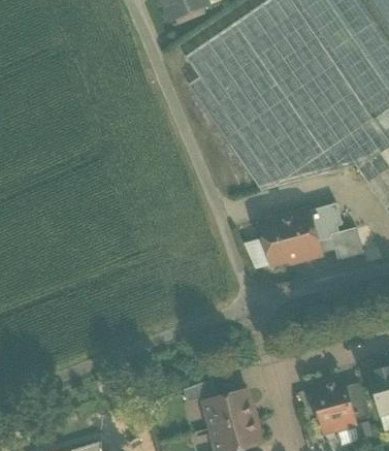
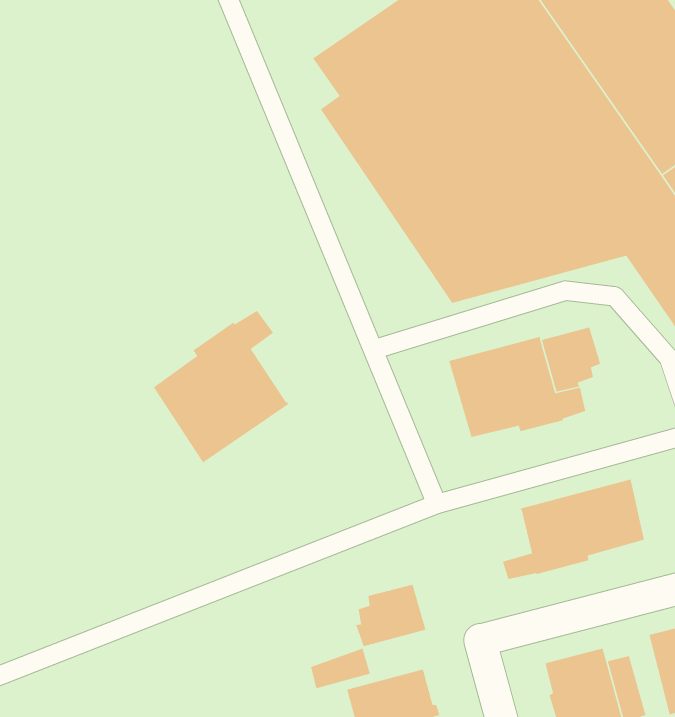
building: none -> [153,310,289,464]
building: [330,227,363,260] -> none
building: none -> [502,479,645,580]
building: none -> [355,584,426,647]

